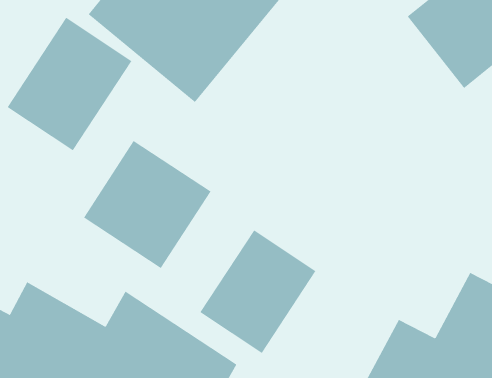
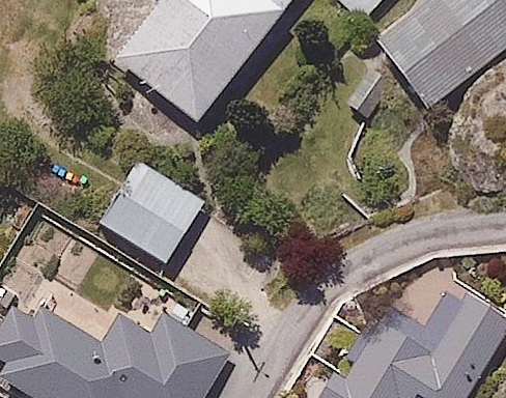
building: [7,17,132,151] -> none
building: [199,229,316,354] -> none

